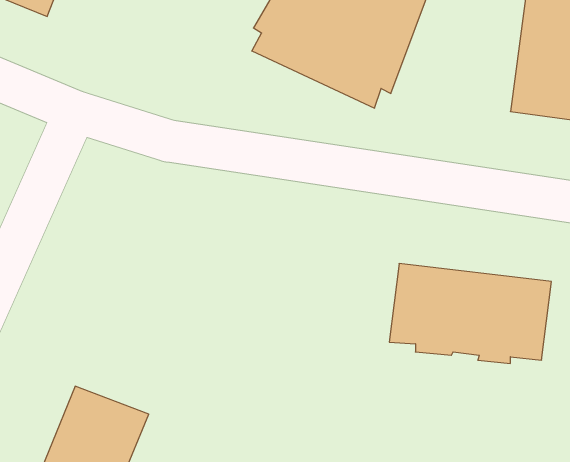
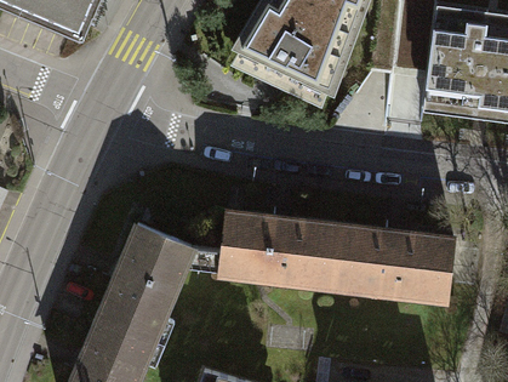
building: none -> [221,210,341,284]
building: none -> [101,222,192,335]

